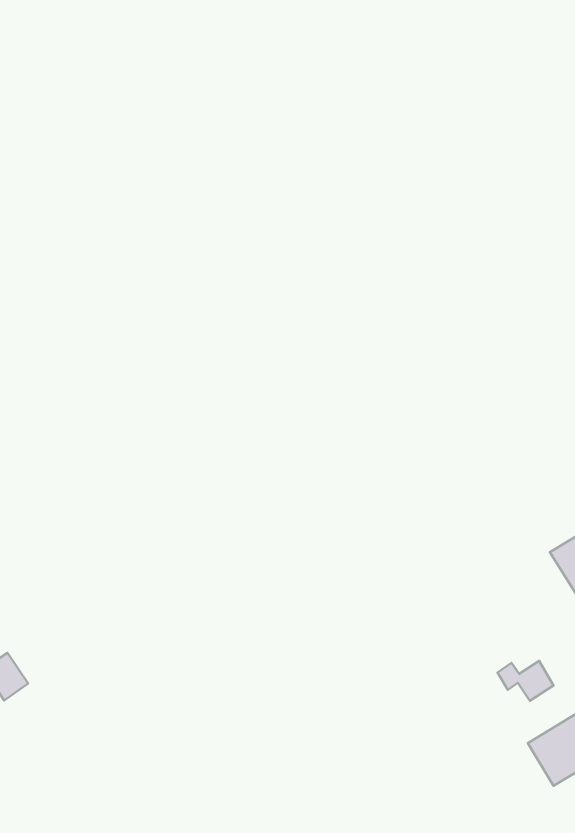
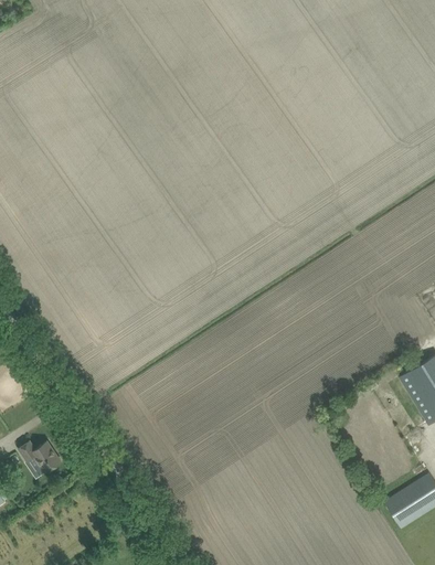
building: [497,661,554,701] -> none

